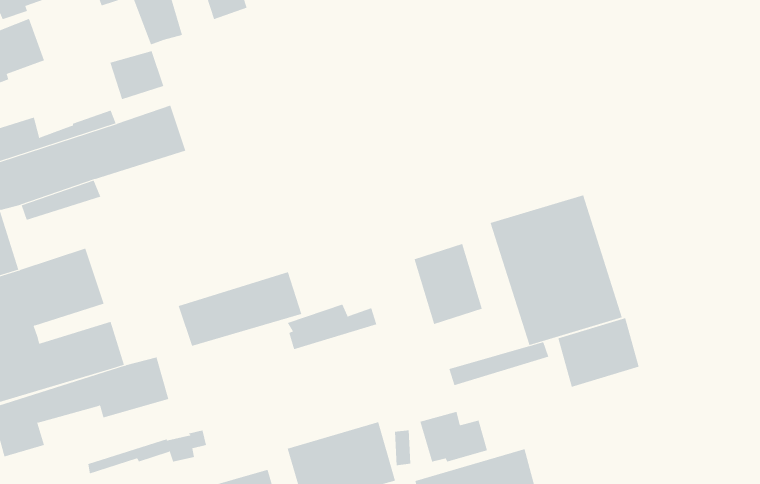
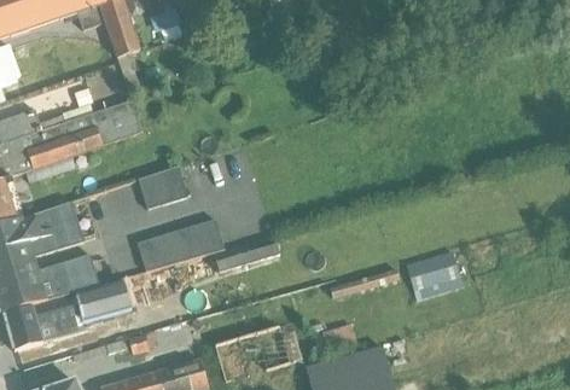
building: [490,195,623,346] -> none
building: none -> [138,164,188,208]
building: [414,243,482,325] -> none

